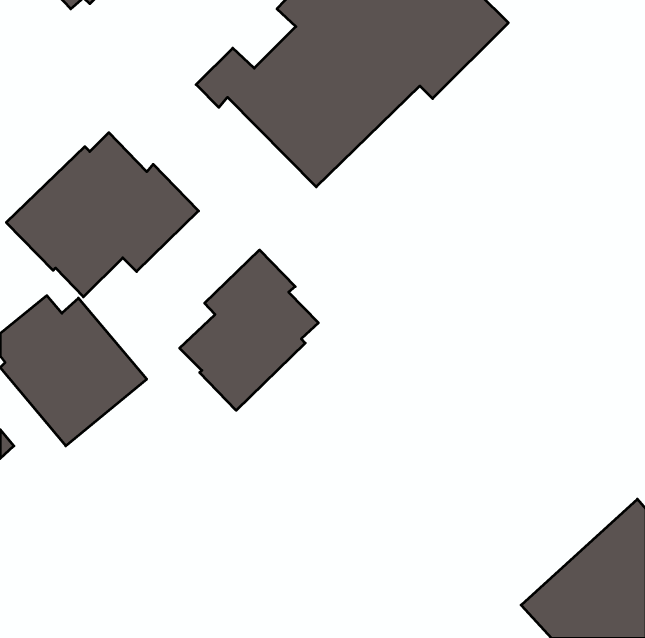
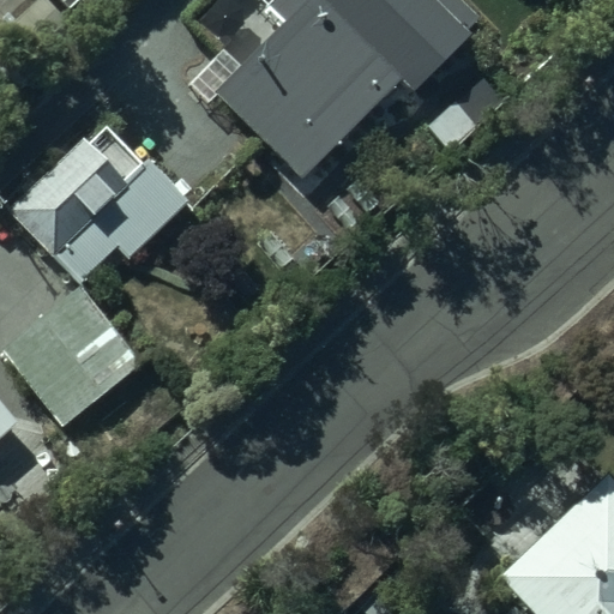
building: [180,250,318,410] -> none

